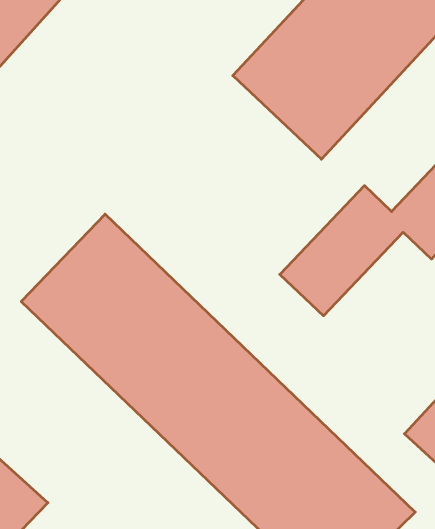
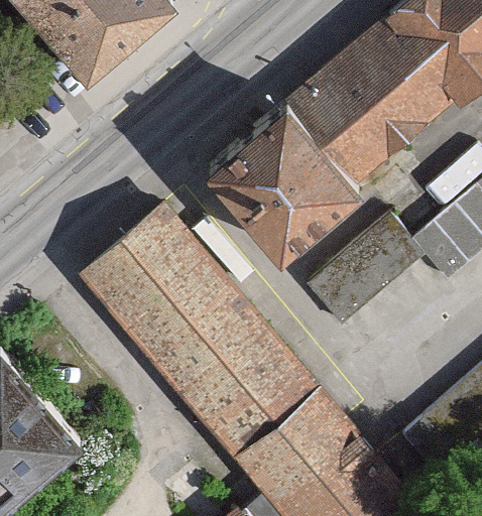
building: none -> [211,98,359,247]

